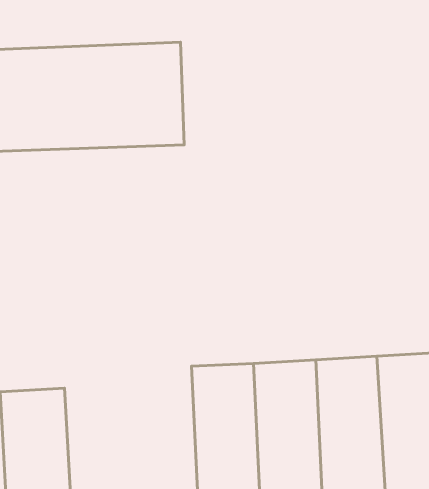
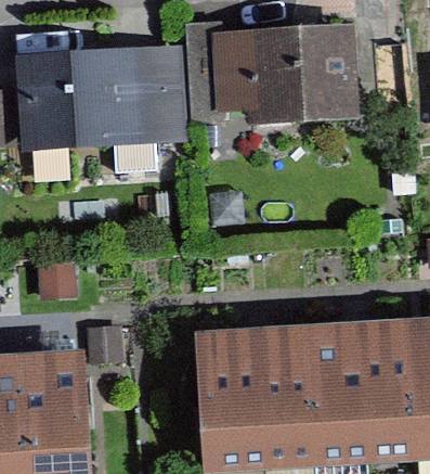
building: none -> [226,24,361,127]

